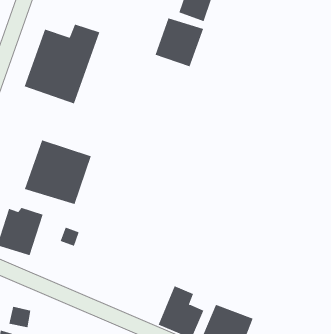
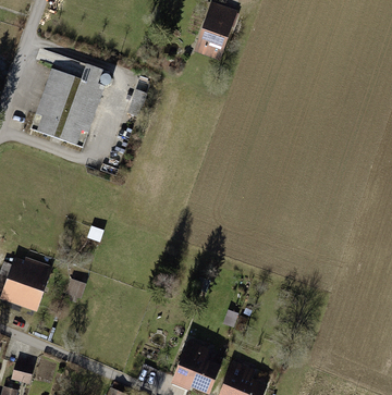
building: [155,17,204,67] -> none
building: [24,139,92,205] -> none

